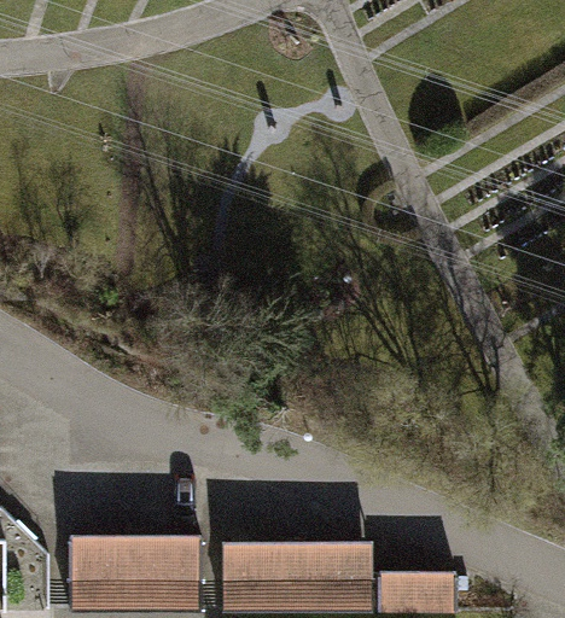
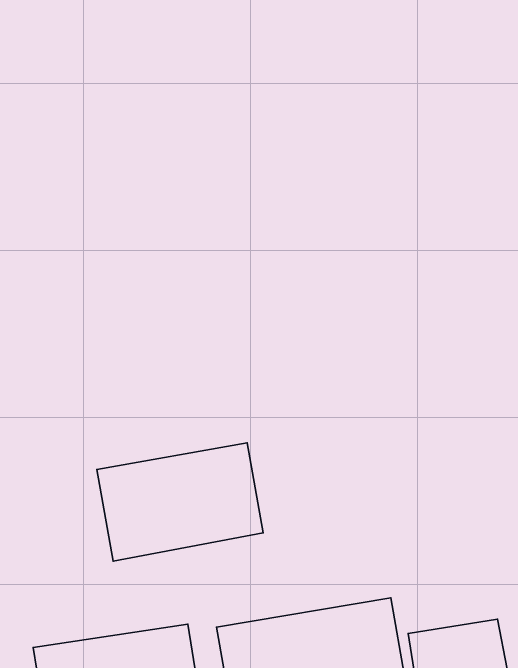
building: none -> [97,443,263,561]

